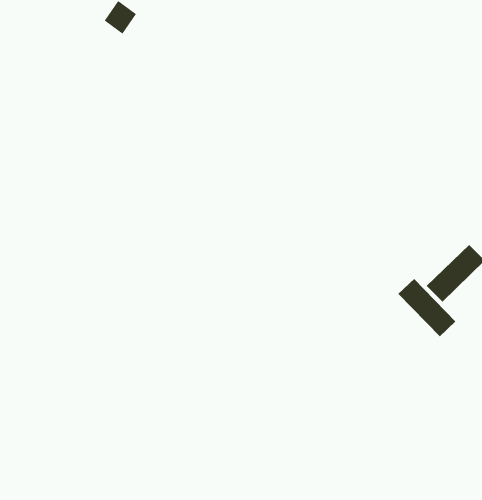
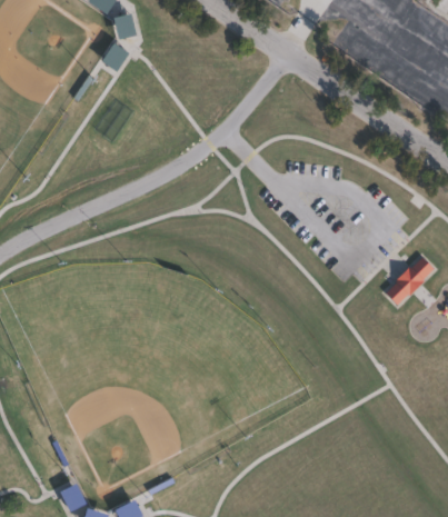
building: [398,278,456,337] -> none

